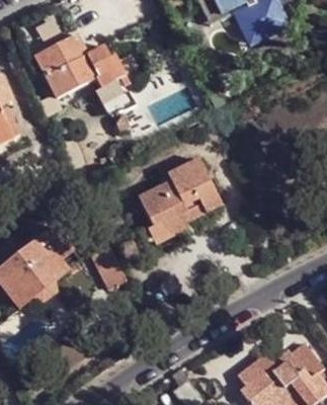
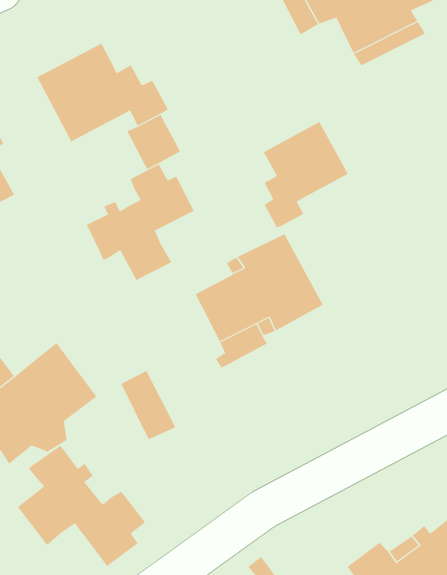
building: none -> [263,121,348,229]
building: none -> [86,164,195,281]
building: none -> [17,445,146,567]

